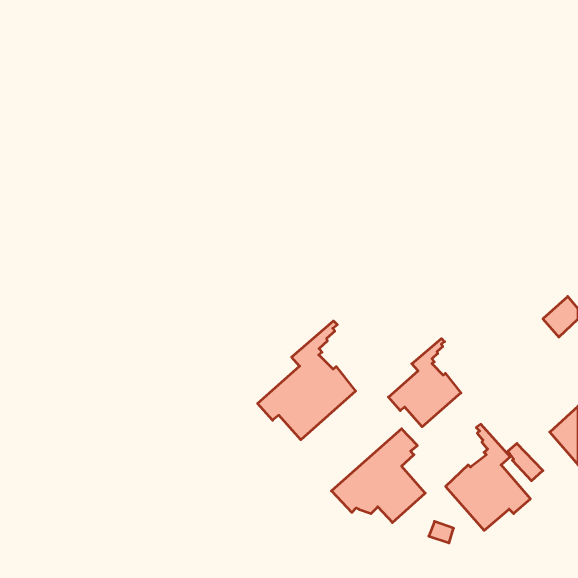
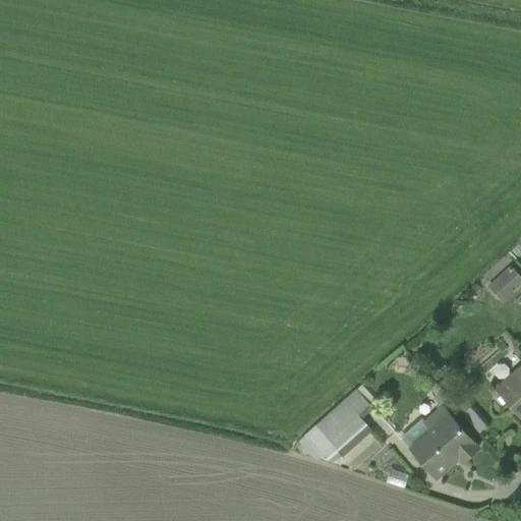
building: [258,321,356,440] -> none
building: [388,339,461,427] -> none

